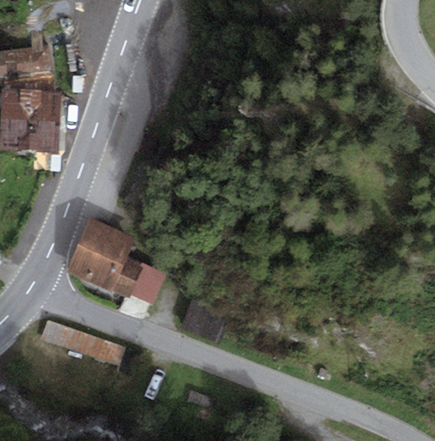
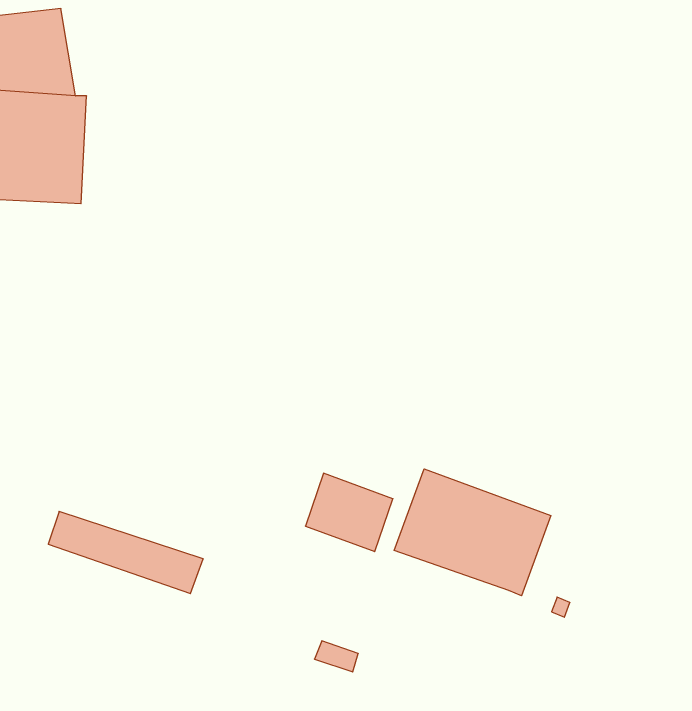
building: [65,217,166,304] -> none
building: none -> [394,469,551,596]

